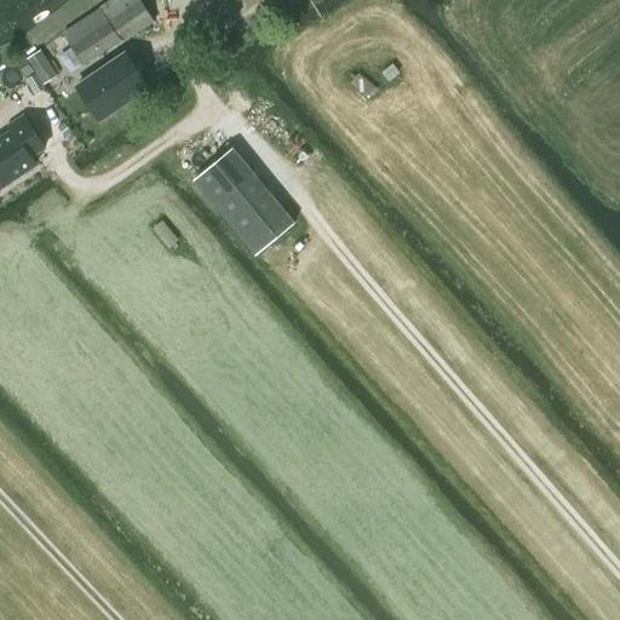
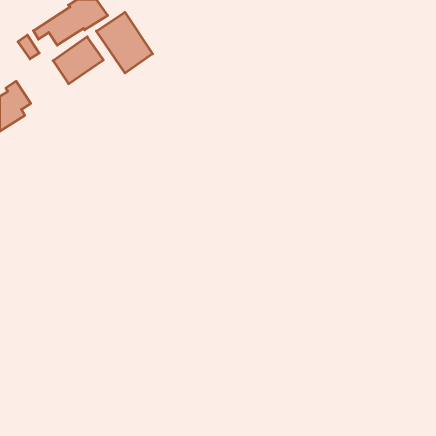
building: none -> [96,12,153,73]
building: [193,147,293,253] -> none

